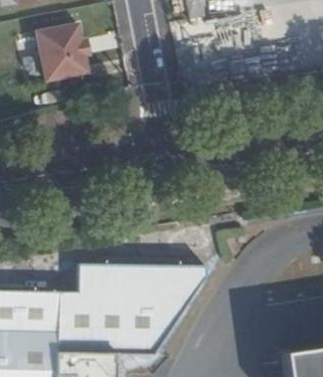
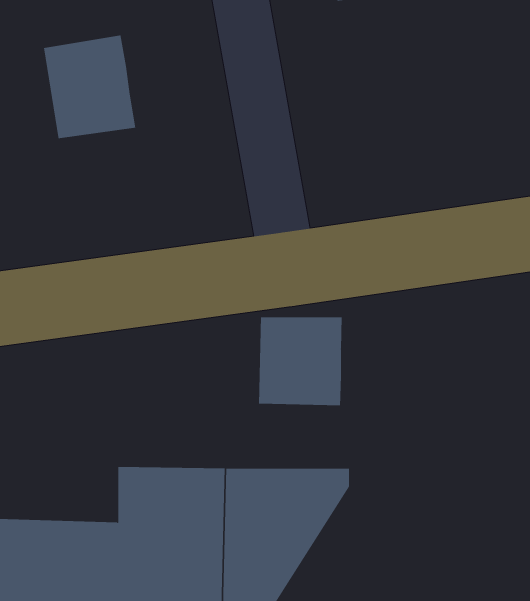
building: none -> [258,316,342,406]

